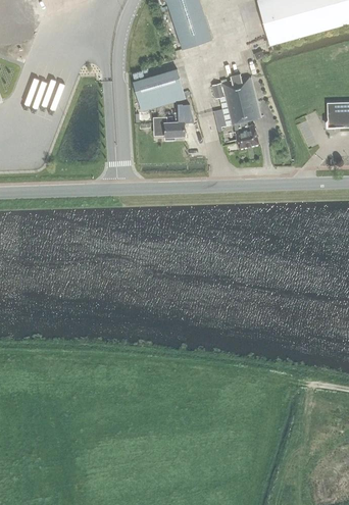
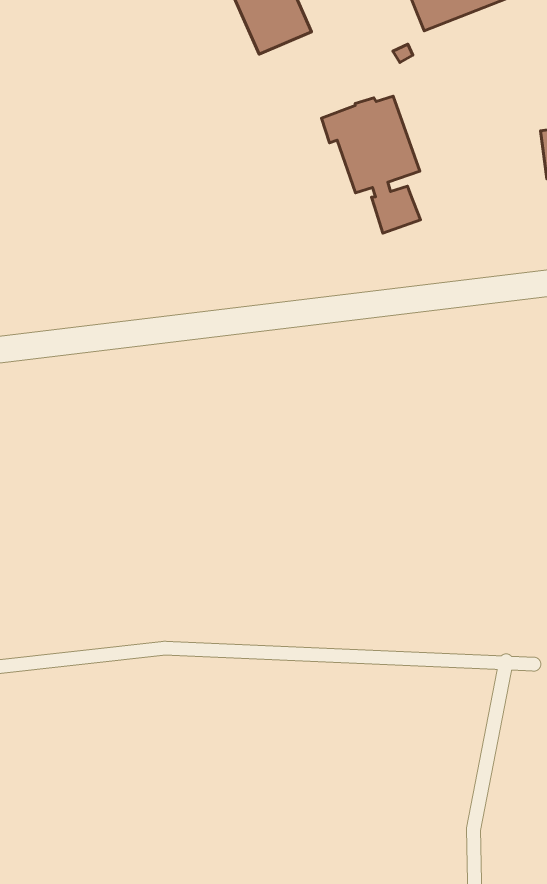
building: [133,68,185,108] -> none
building: [154,110,190,139] -> none

